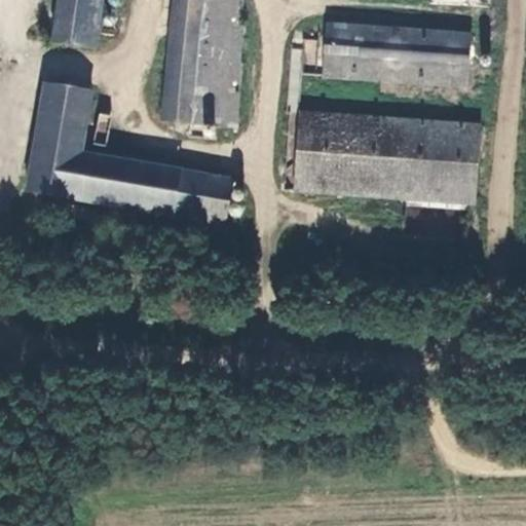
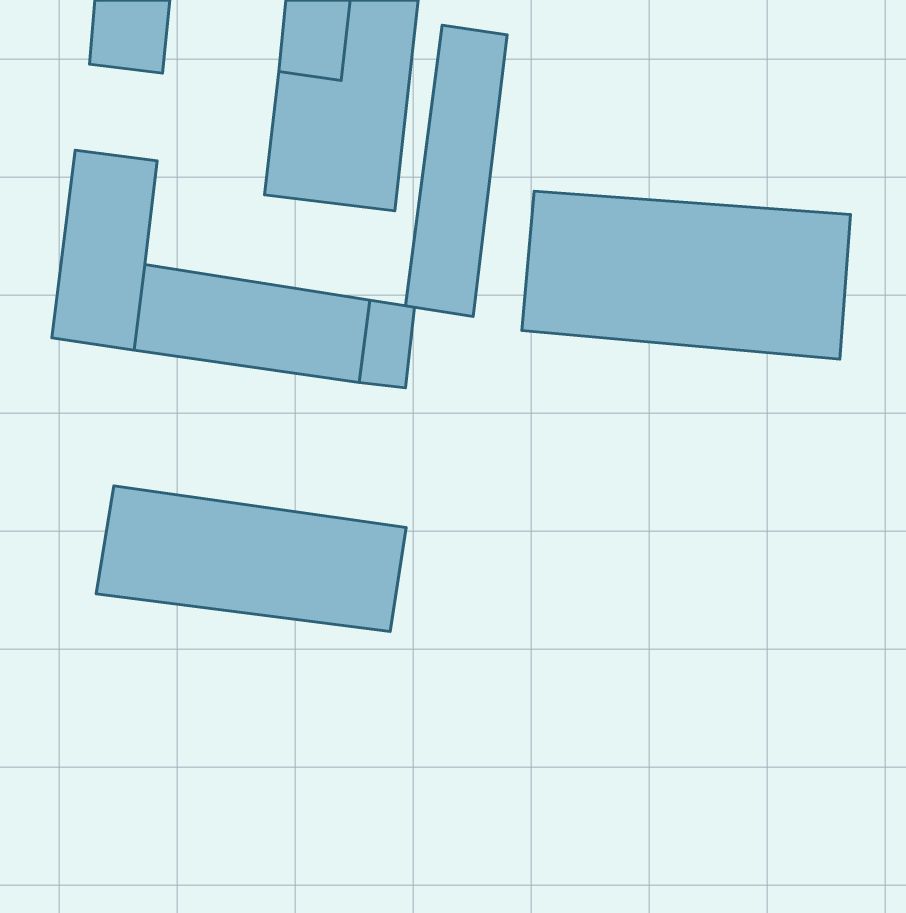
building: none -> [405,25,507,317]
building: [317,18,468,85] -> none
building: none -> [96,486,406,631]

